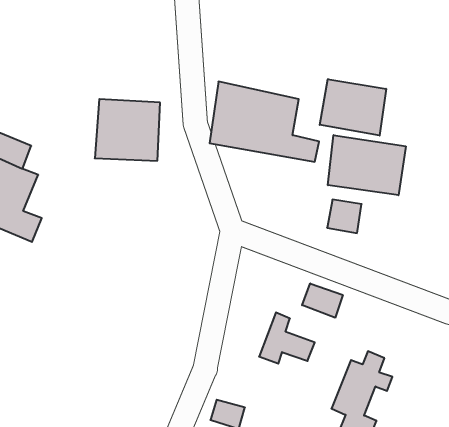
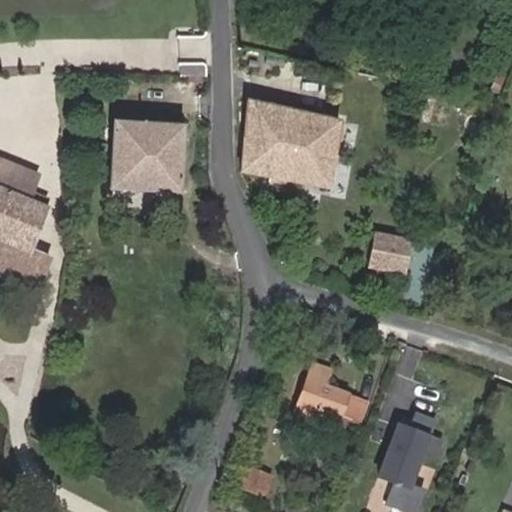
building: [320,79,386,136] -> none
building: [328,135,406,195] -> none
building: [302,283,343,318] -> none

